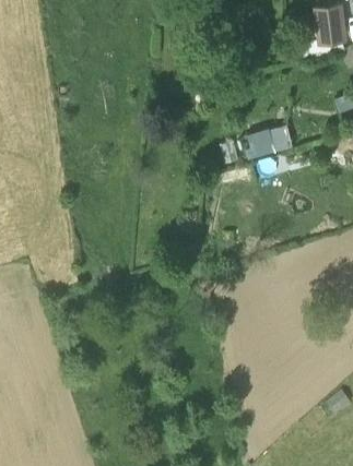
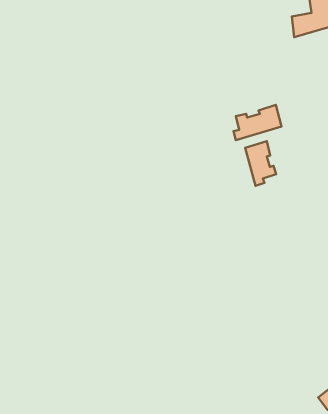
building: none -> [245,141,276,186]

